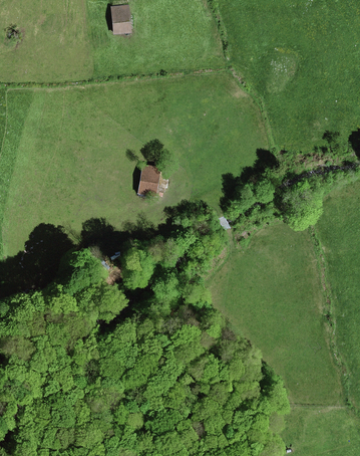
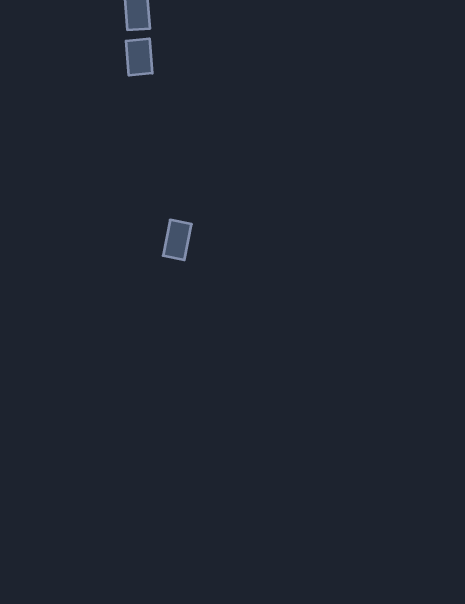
building: none -> [126,39,152,75]

